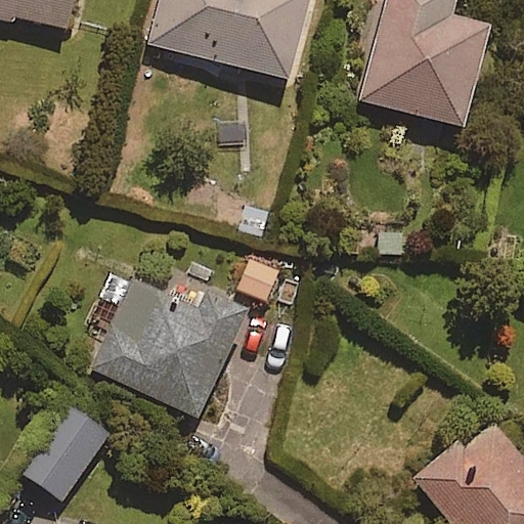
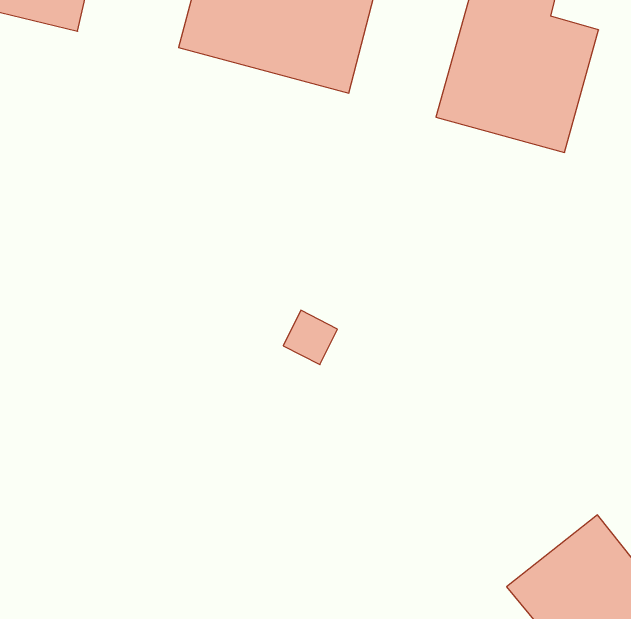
building: [91,281,247,420] -> none
building: [18,405,107,501] -> none

